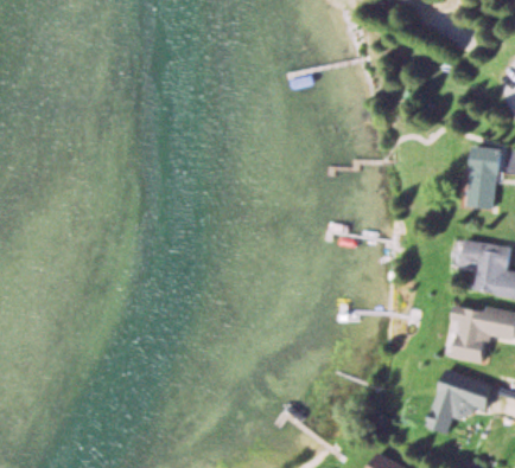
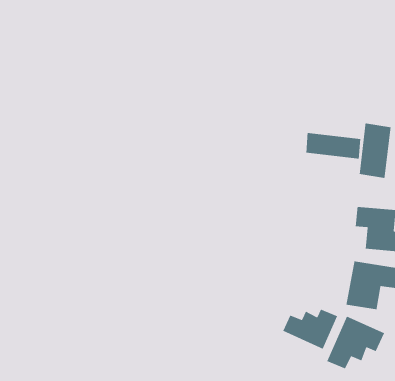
building: none -> [305,132,361,159]
building: none -> [282,308,338,350]

